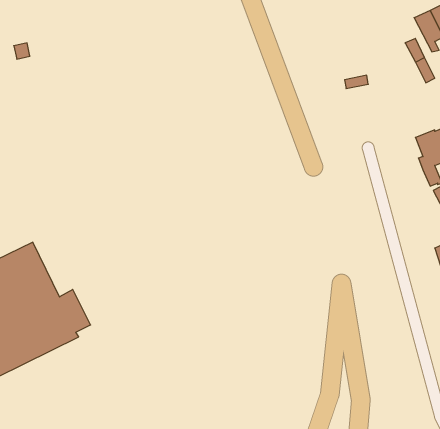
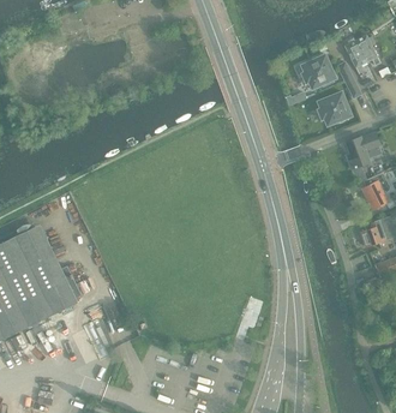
building: none -> [301,55,336,89]
building: none -> [318,92,352,125]

